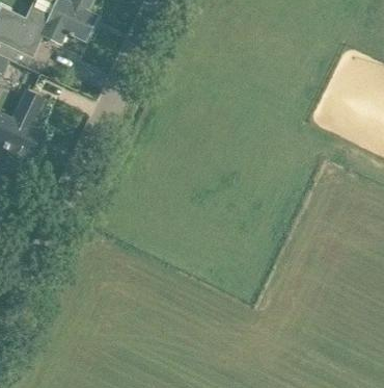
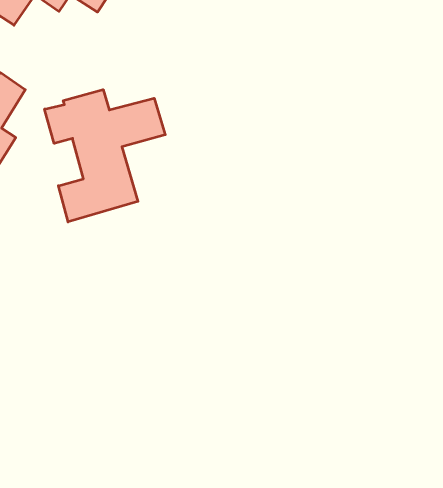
building: none -> [45,90,165,222]

